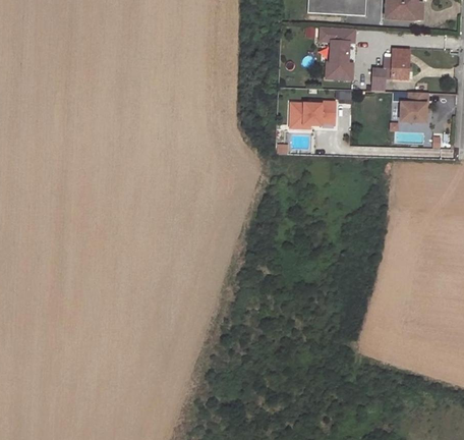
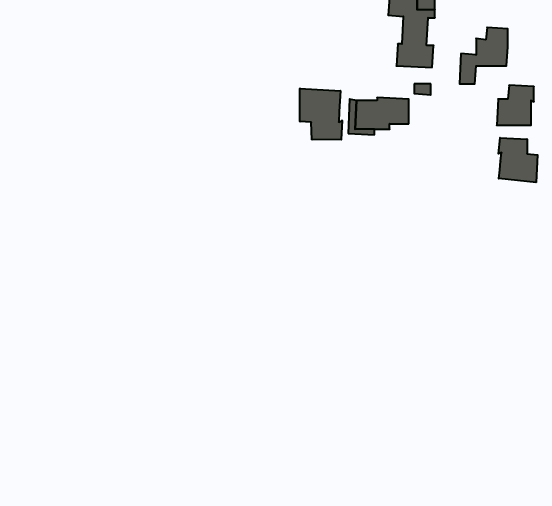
building: none -> [300,88,342,140]
building: none -> [498,138,538,182]

